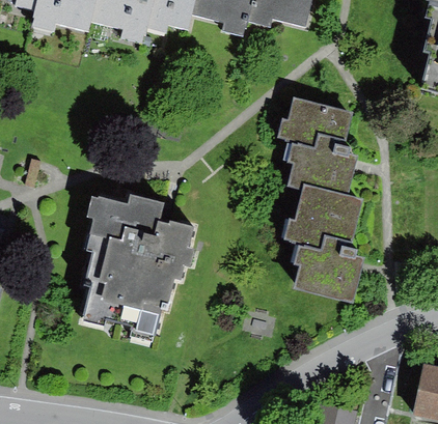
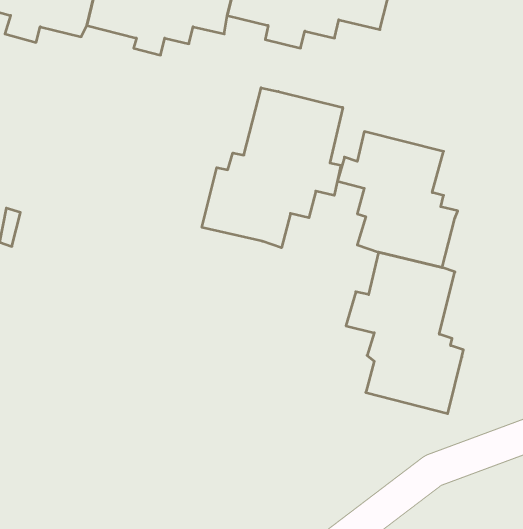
building: none -> [202,88,343,248]
building: [78,196,194,340] -> none

